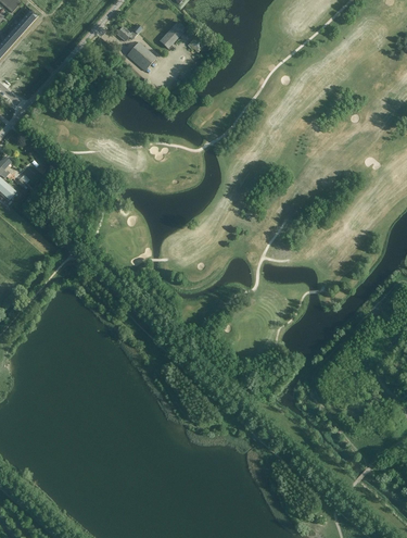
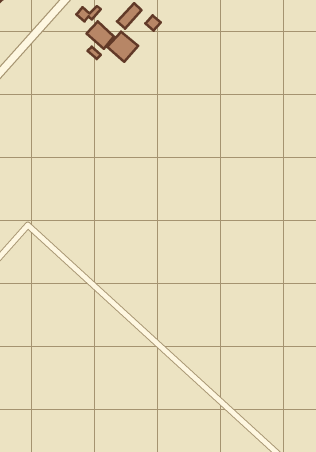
building: none -> [107,32,138,62]

